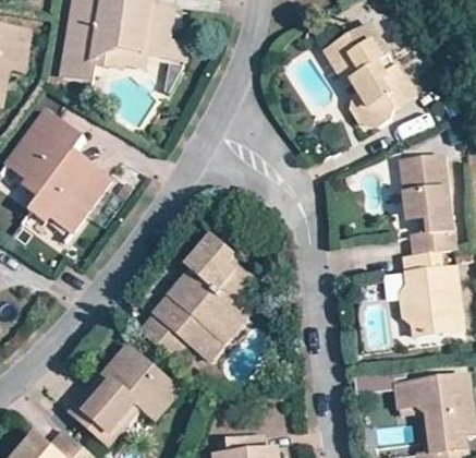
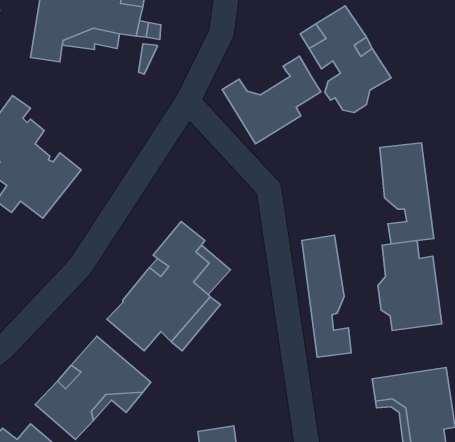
building: none -> [222,56,321,144]
building: none -> [302,235,351,357]

